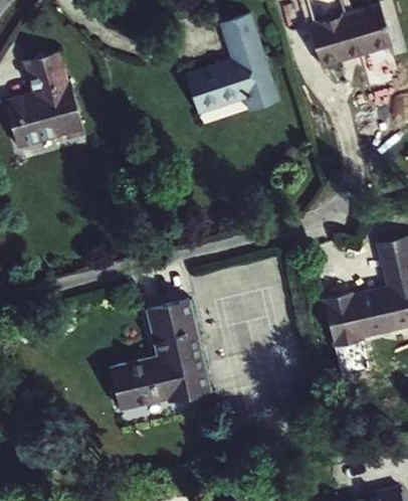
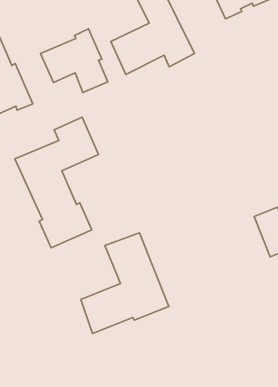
building: none -> [40,29,108,92]
building: none -> [15,117,99,248]

